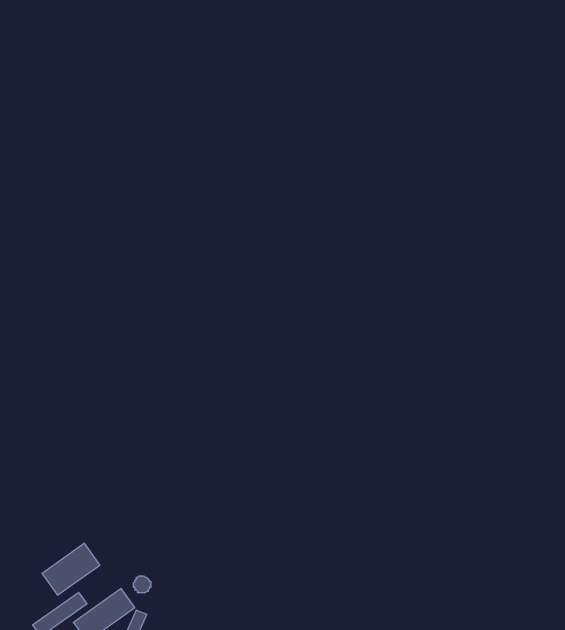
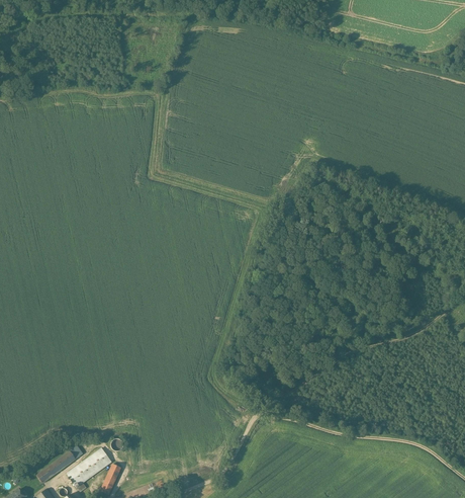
building: [42,543,100,595] -> none

